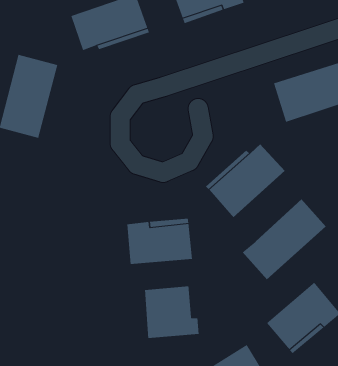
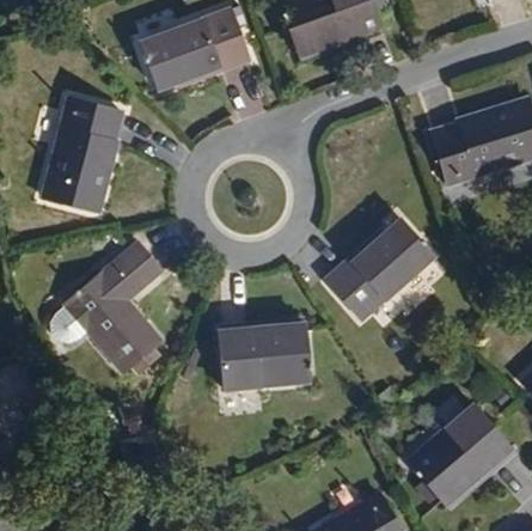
building: none -> [53,245,163,376]
building: [242,199,326,280] -> none
building: [144,286,199,339] -> none

